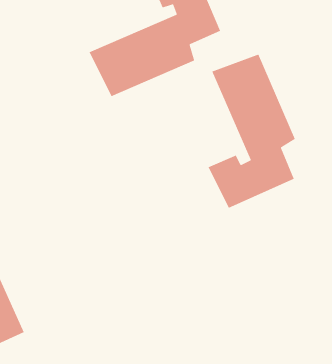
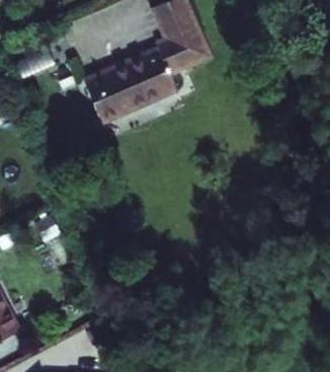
building: [207,54,296,209] -> none

